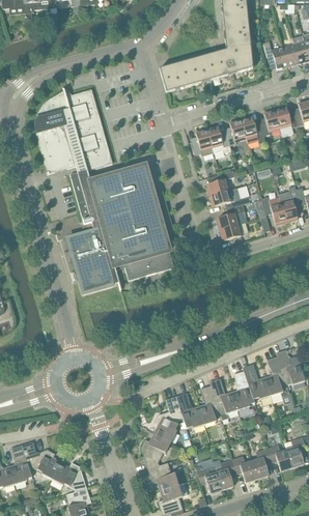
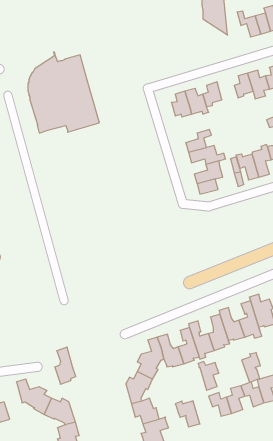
building: [159,49,252,91] -> none
building: [241,114,265,143] -> none
building: [67,165,173,292] -> none
building: none -> [242,352,260,382]
building: [8,443,31,484] -> [55,347,76,384]
building: [213,458,235,489] -> [198,362,219,390]

